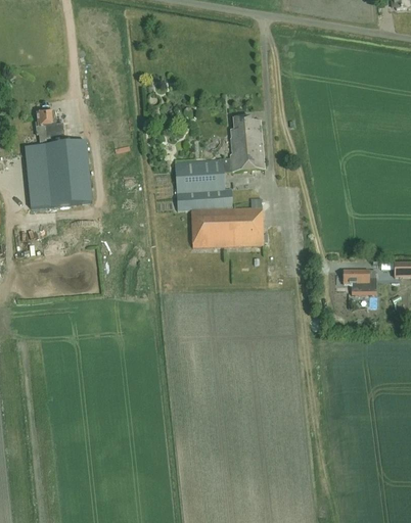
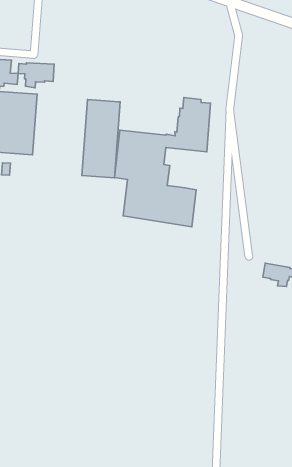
building: none -> [18,63,54,88]
building: none -> [82,99,120,178]

